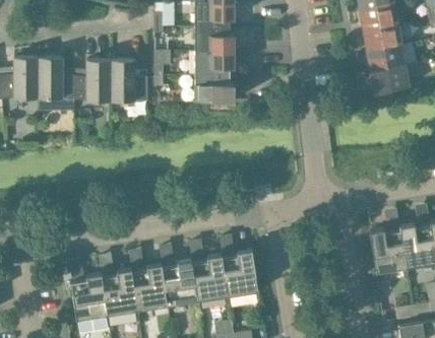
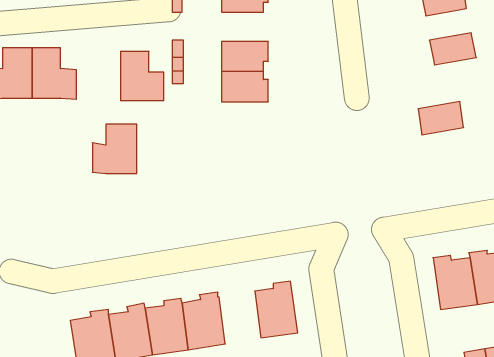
building: [363,24,400,51] -> none
building: [194,27,233,52] -> none
building: [74,60,111,100] -> [92,124,137,173]
building: [370,65,408,92] -> [418,102,464,135]
building: [192,254,227,301] -> none

